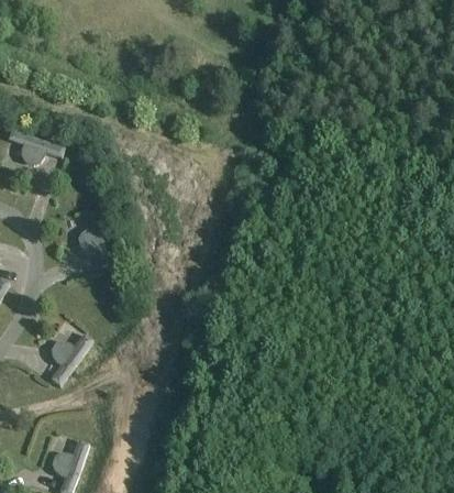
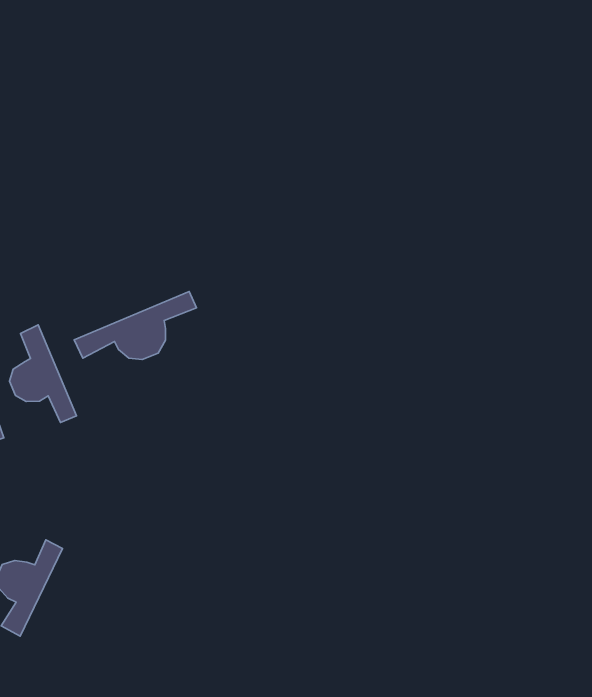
building: none -> [74,291,197,359]

